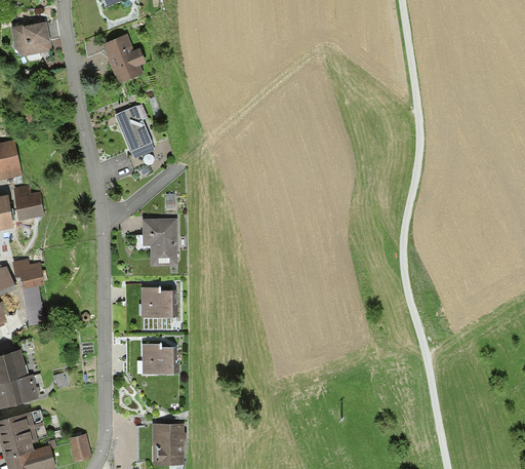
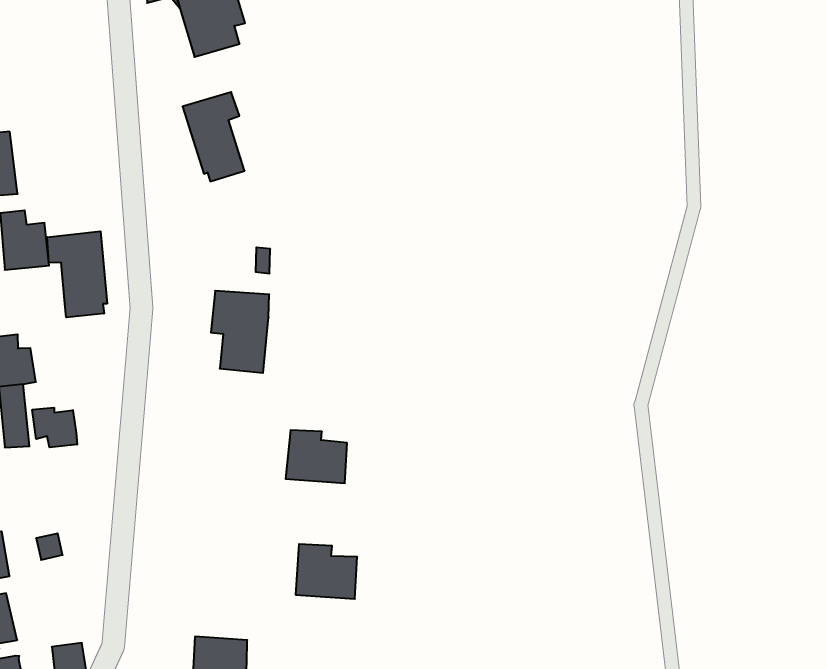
building: none -> [47,231,107,317]
building: [140,287,175,317] -> [286,430,347,483]
building: none -> [32,408,77,447]
building: [140,343,176,374] -> [296,544,357,599]

